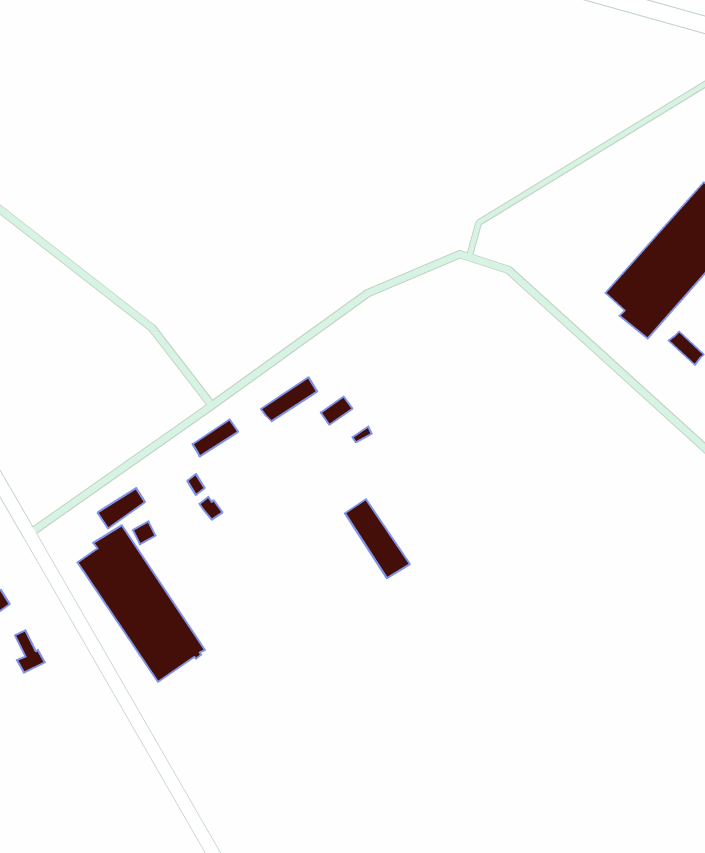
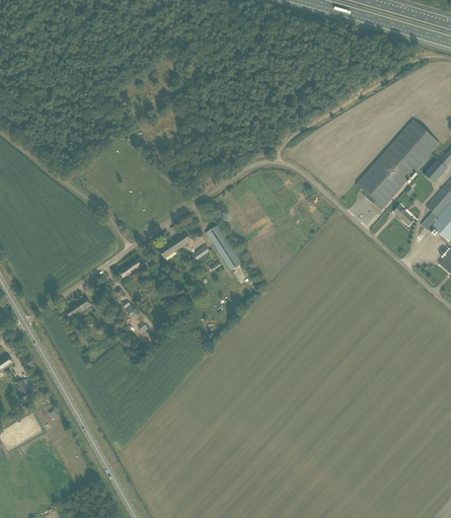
building: [345,499,410,578] -> [206,223,243,269]
building: [77,525,205,682] -> none

